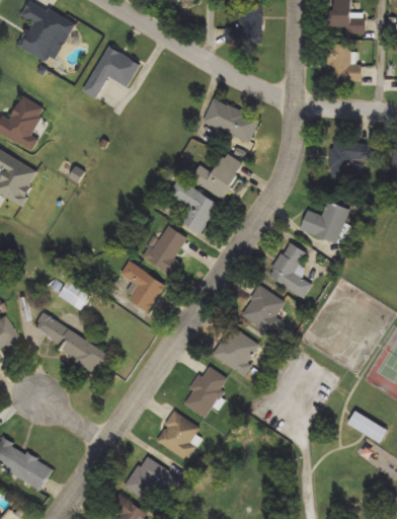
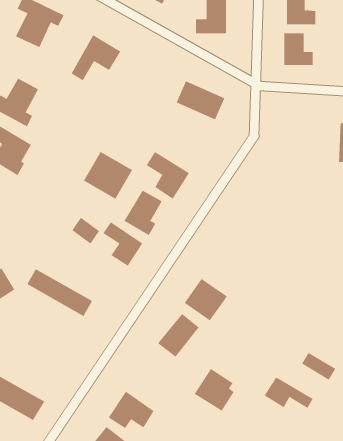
building: [331,141,374,180] -> none
building: [189,151,244,198] -> none
building: none -> [83,151,133,200]
building: [301,201,350,243] -> none
building: [268,242,313,298] -> none
building: [58,280,90,311] -> [72,217,100,244]
building: [241,285,289,333] -> none
building: [156,411,203,460] -> [194,368,234,411]
building: none -> [264,376,313,409]

